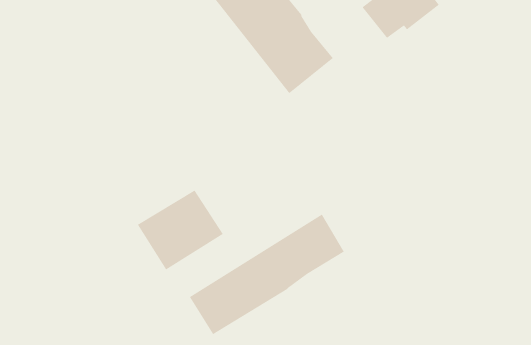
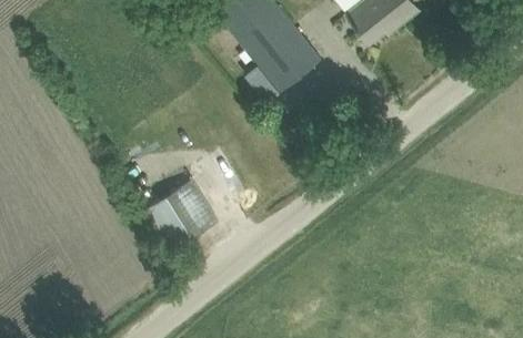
building: [189,213,345,335] -> none

